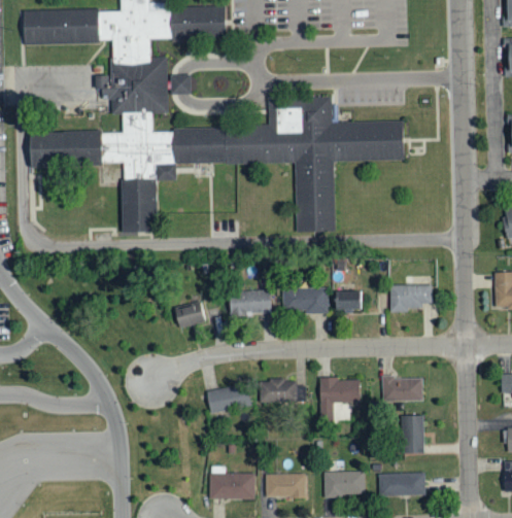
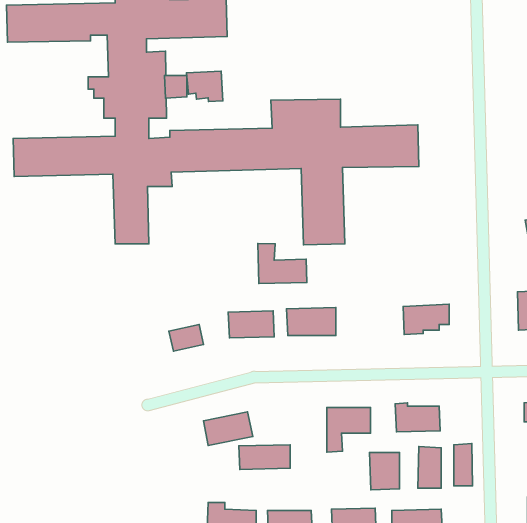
building: none -> [187,71,223,101]
building: none -> [258,243,307,284]
building: [335,292,362,311] -> none
building: [259,381,306,404] -> [239,445,290,469]
building: none -> [454,444,473,486]
building: none -> [369,452,400,490]

